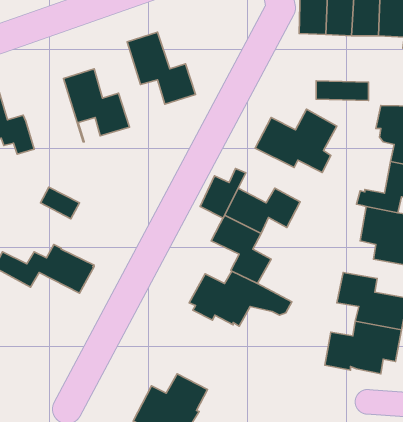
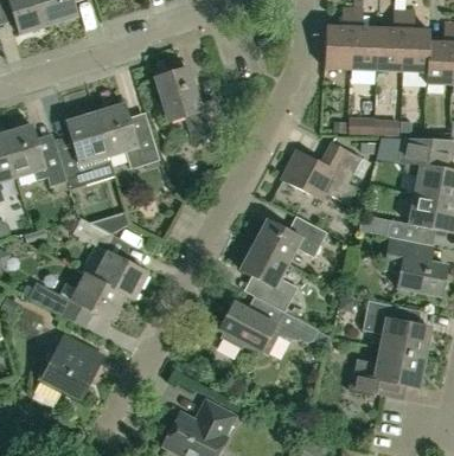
building: none -> [58,111,114,187]
building: [200,169,246,218] -> none
building: none -> [92,250,147,298]
building: none -> [40,334,102,398]

